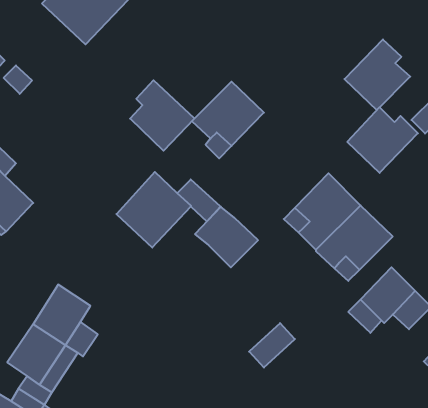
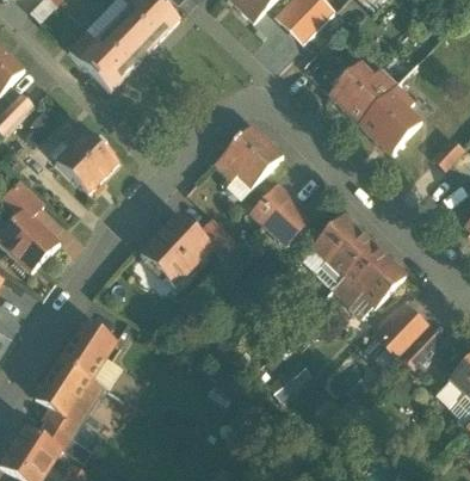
building: [130,80,194,151] -> [56,123,118,191]
building: [347,107,418,173] -> [328,58,396,122]
building: [195,207,258,267] -> [251,184,311,242]

